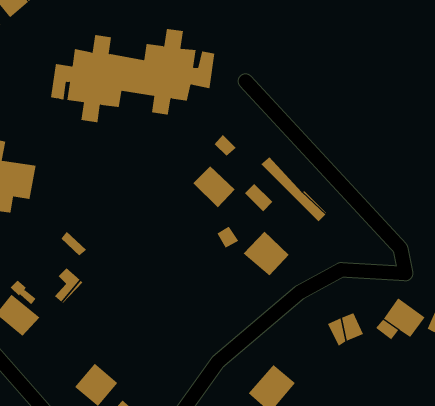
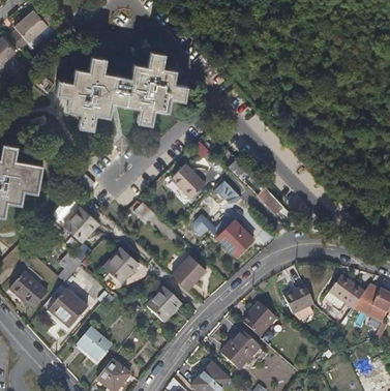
building: none -> [69,207,97,235]
building: none -> [104,247,138,281]
building: none -> [172,257,206,292]
building: none -> [46,288,88,332]
building: none -> [148,288,181,321]
building: none -> [243,303,276,337]

